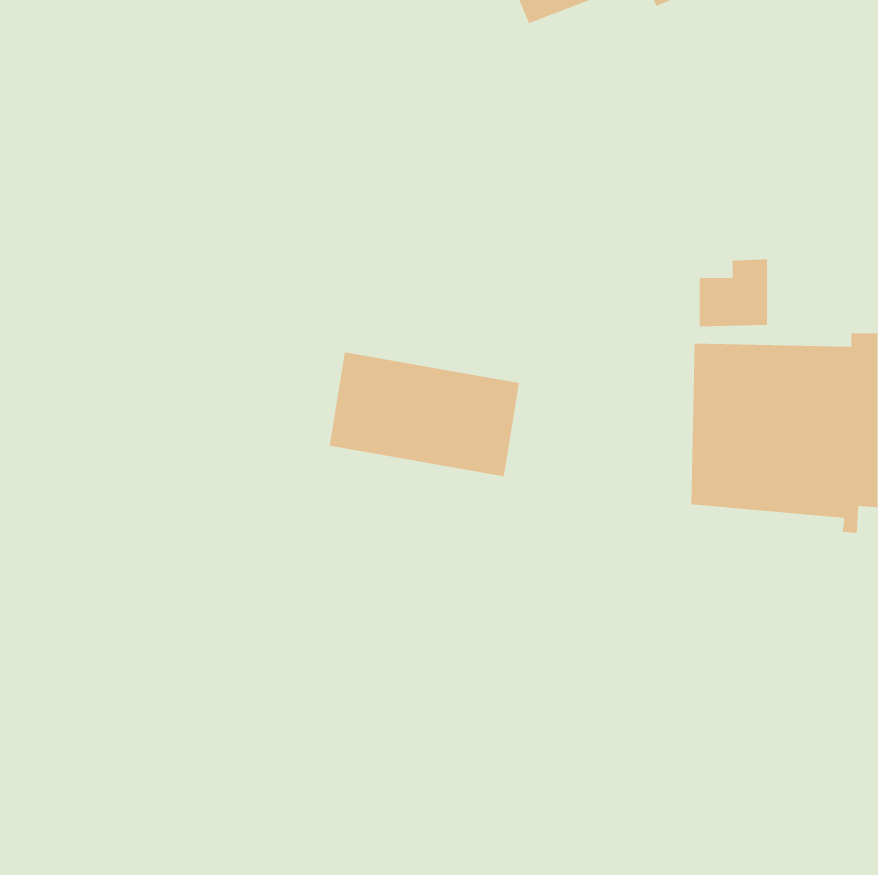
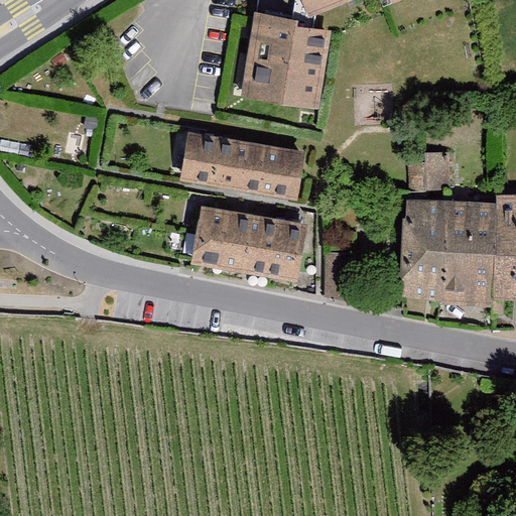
building: none -> [242,10,331,106]
building: none -> [180,131,304,199]

